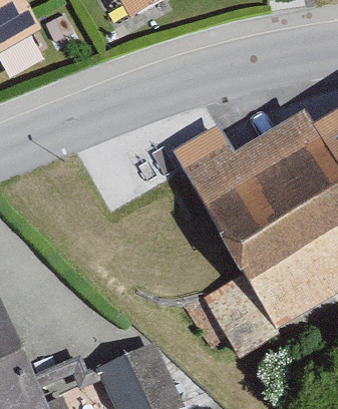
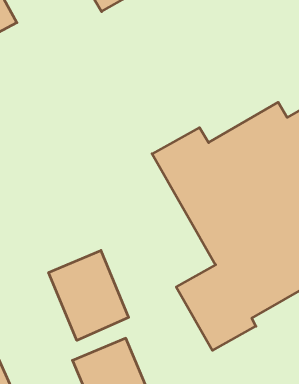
building: none -> [49,250,129,340]

